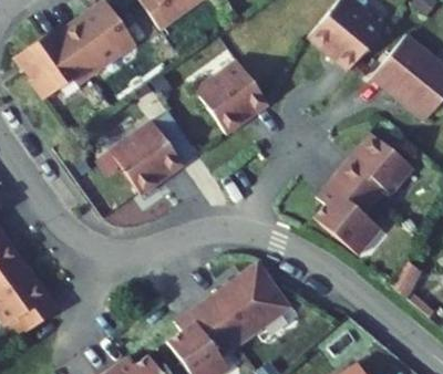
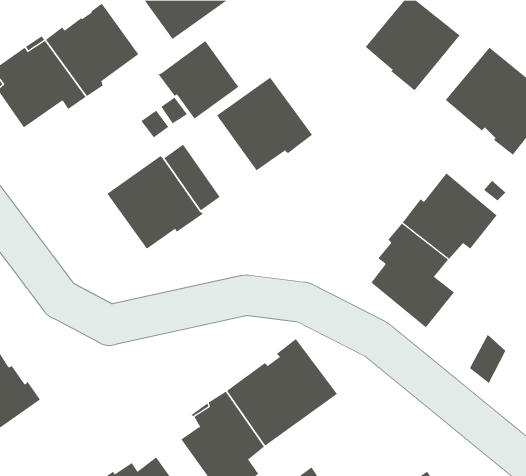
building: none -> [158,41,239,119]

